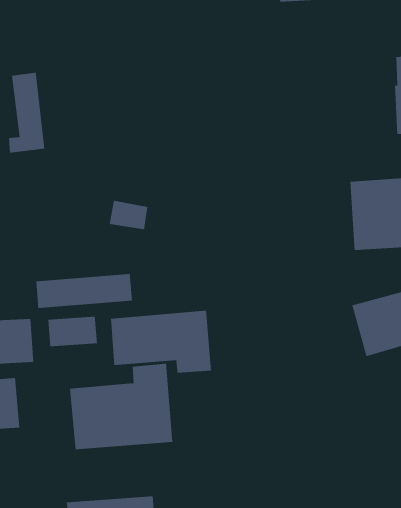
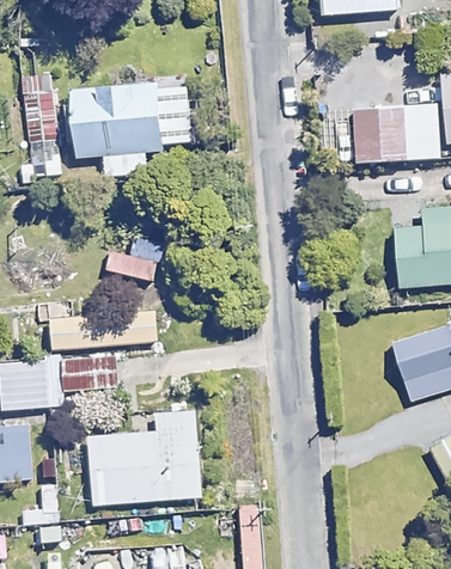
building: none -> [61,78,191,158]
building: none -> [352,105,444,161]
building: [111,310,212,374] -> none

